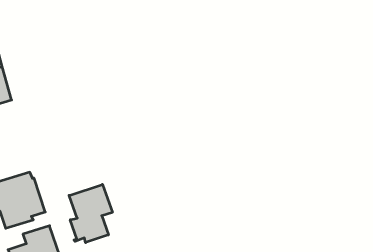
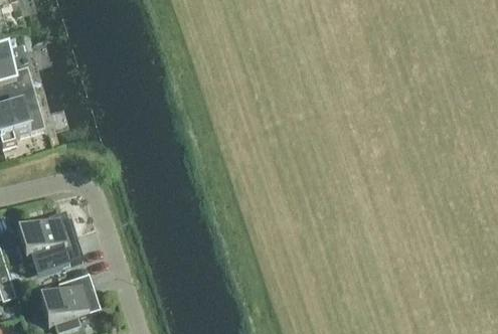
building: [69,184,112,243] -> none

